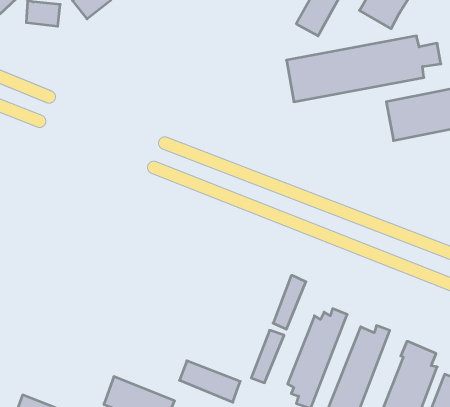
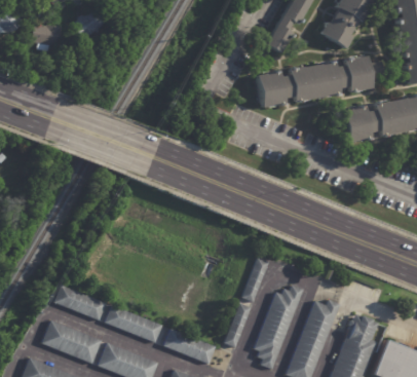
building: none -> [52,285,105,321]
building: none -> [103,305,160,342]
building: none -> [41,319,101,363]

